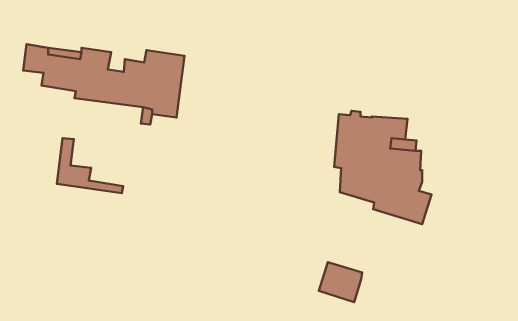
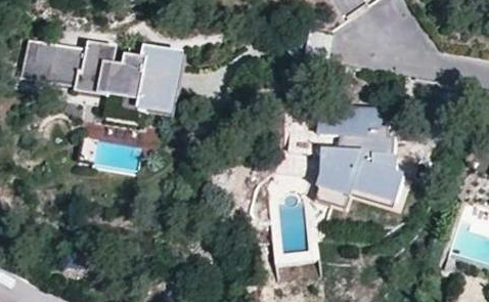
building: [57,138,123,193] -> [25,40,84,89]
building: [319,262,362,302] -> [312,173,351,209]

